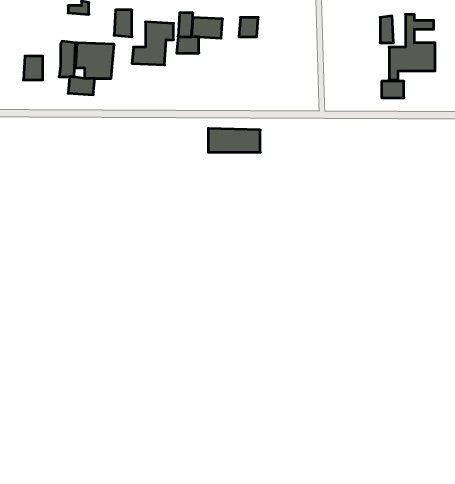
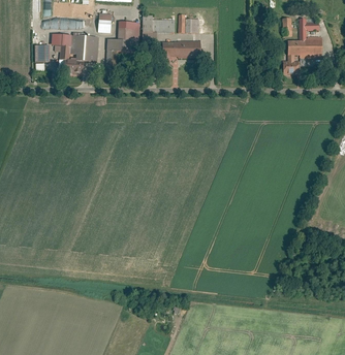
building: [208,128,260,152] -> [163,40,199,57]

